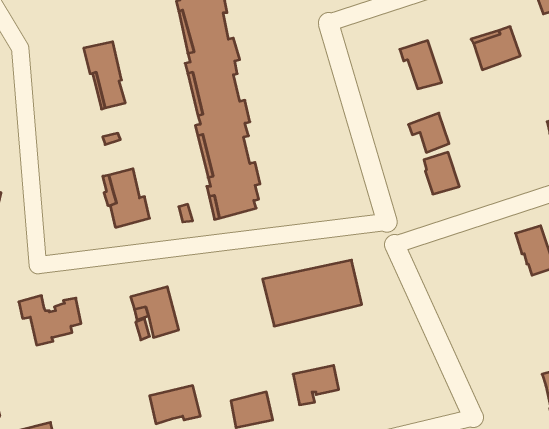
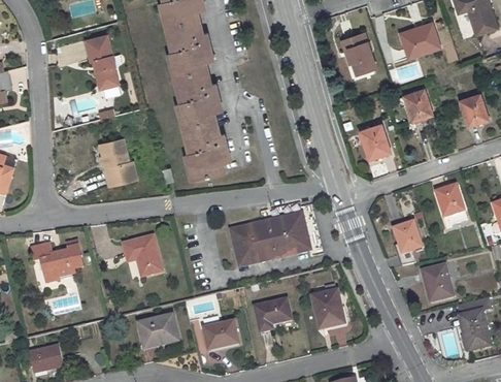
building: [408,113,449,152] -> [398,89,431,121]
building: none -> [393,221,421,264]
building: none -> [423,264,453,300]
building: none -> [312,290,344,328]

